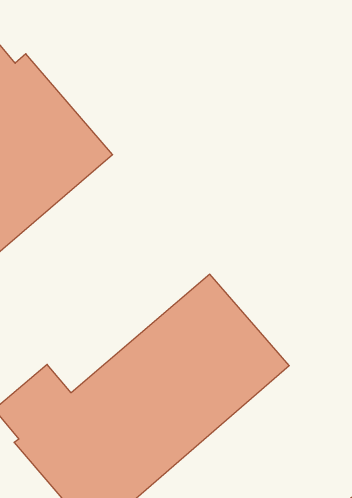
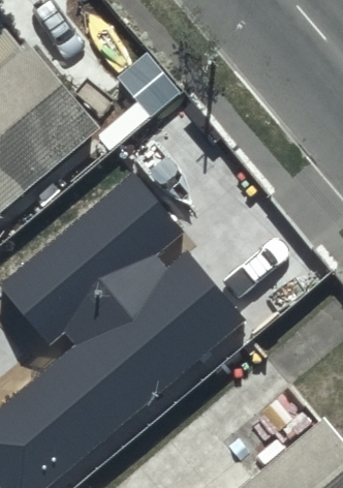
building: none -> [29,174,176,311]

